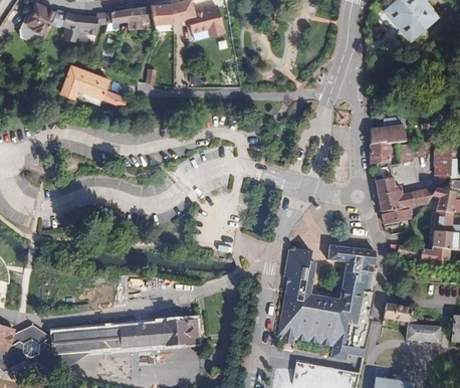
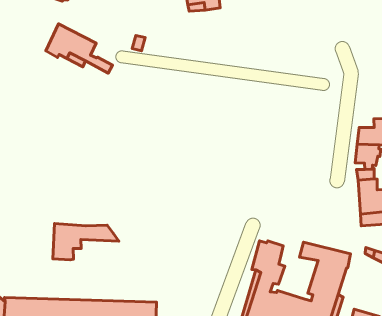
building: none -> [53,223,119,260]

